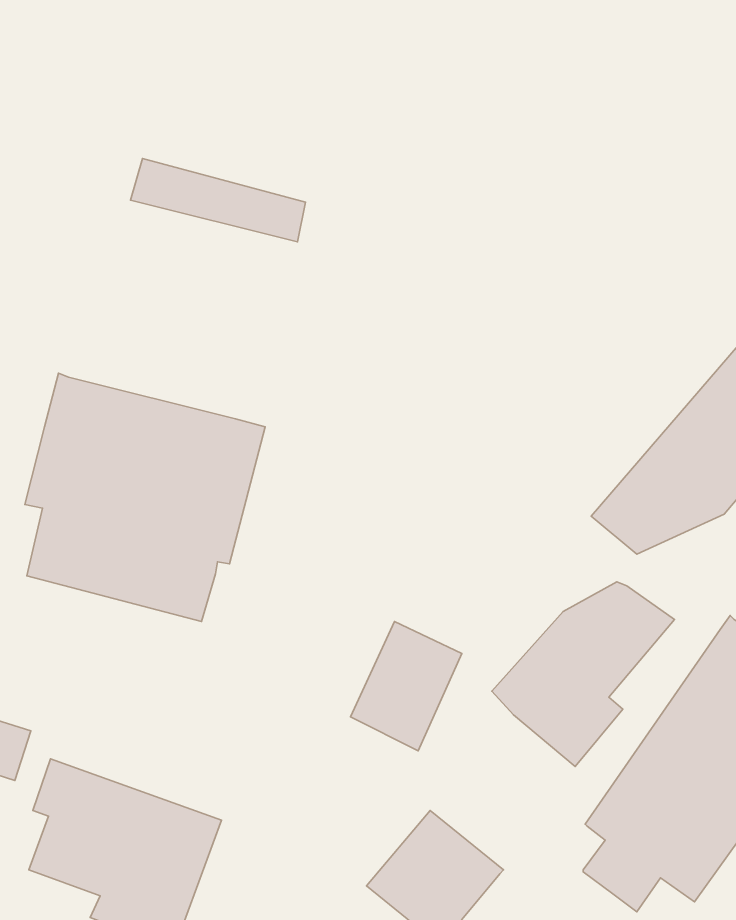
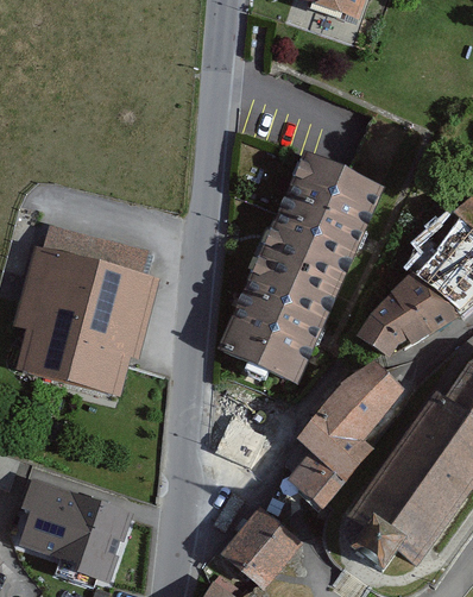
building: [131,158,306,242] -> [42,225,146,275]
building: none -> [221,156,379,381]
building: none -> [289,452,345,509]

